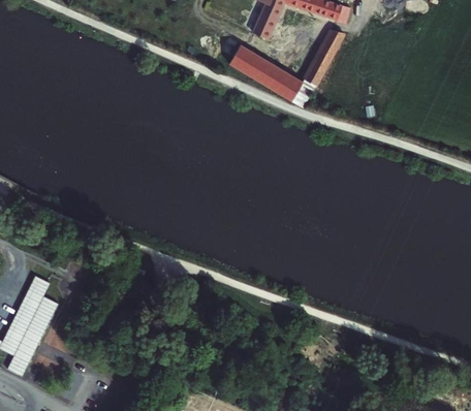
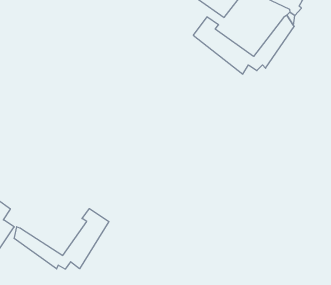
building: none -> [14,209,109,269]

